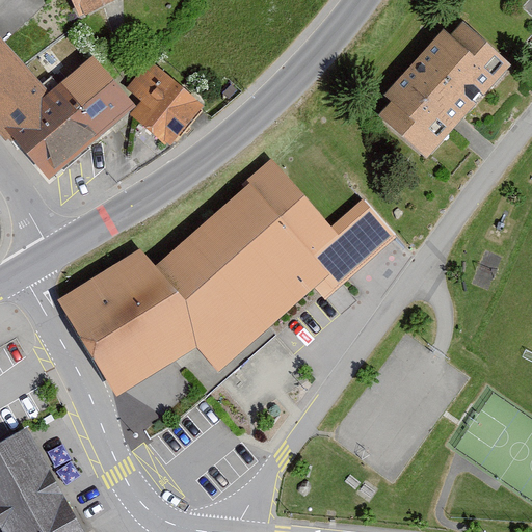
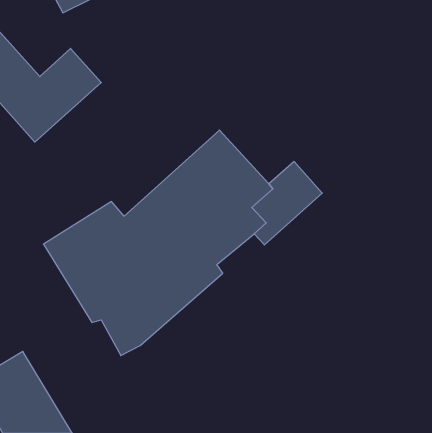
building: [384,24,516,159] -> none
building: [127,60,201,143] -> none

